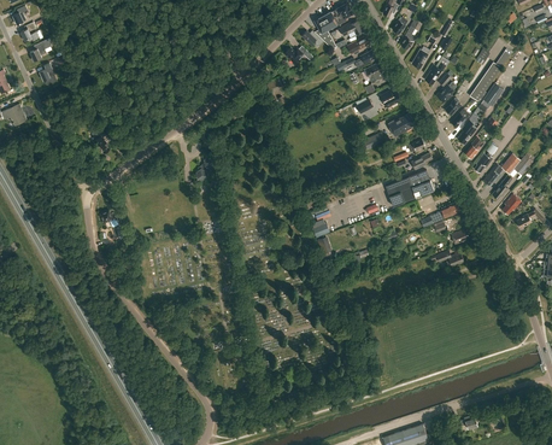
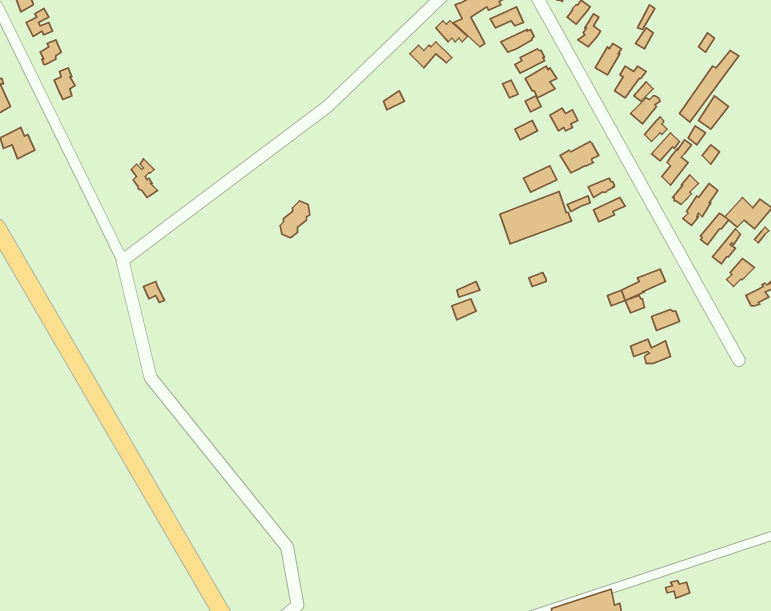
building: [386,170,435,206] -> [500,191,572,244]

